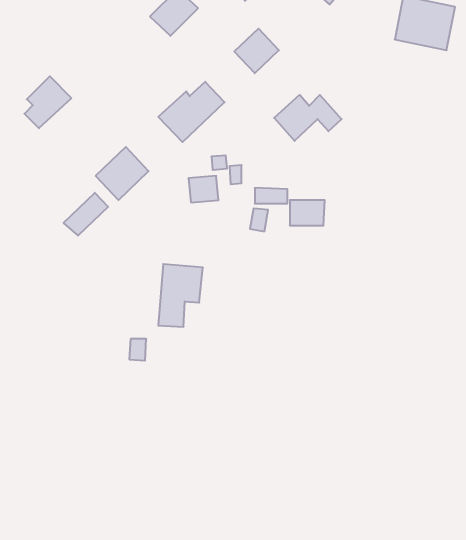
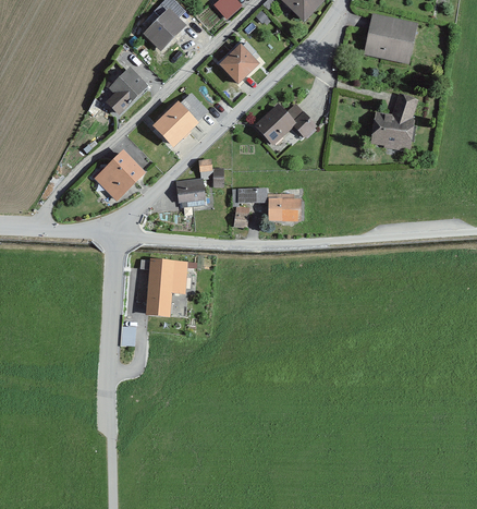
building: [24,76,71,128] -> [106,66,148,113]
building: none -> [371,93,419,148]
building: [64,193,108,236] -> none

